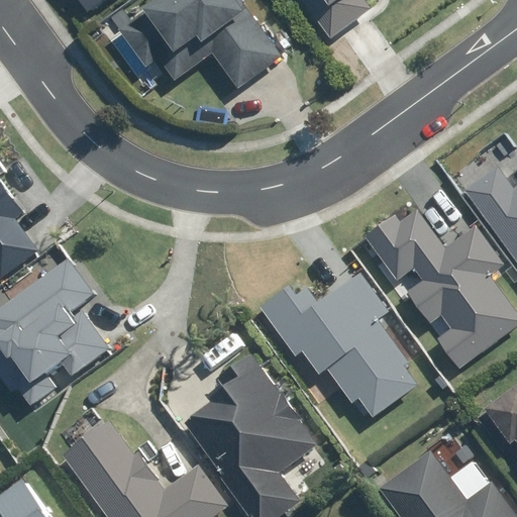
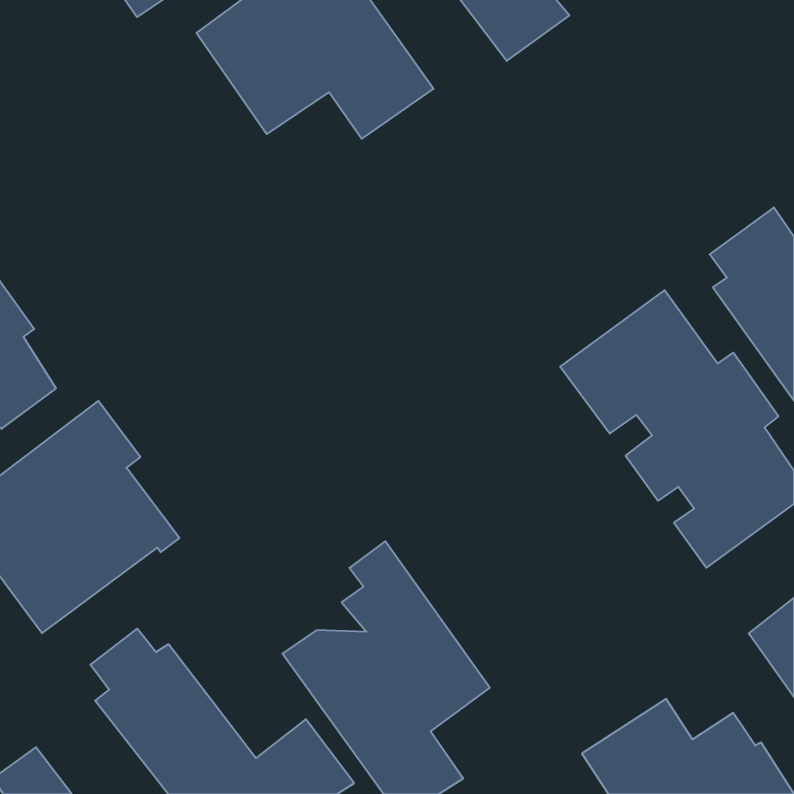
building: [257,273,422,418] -> none

